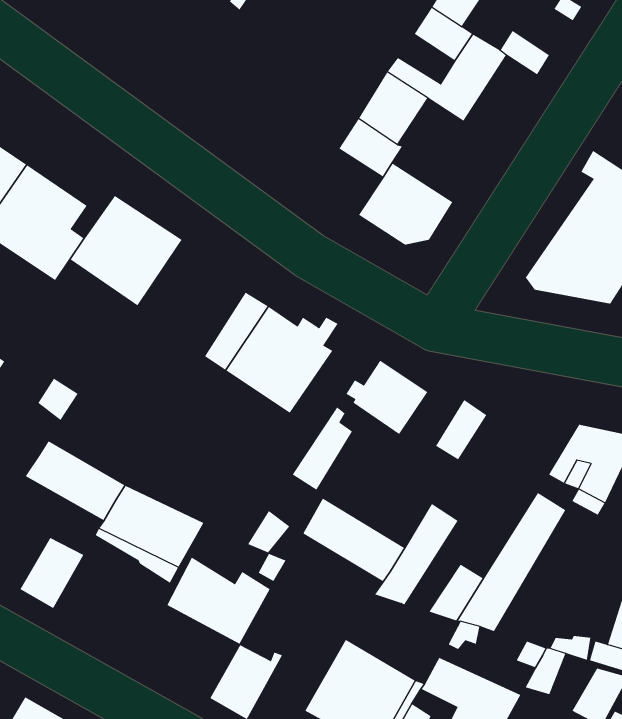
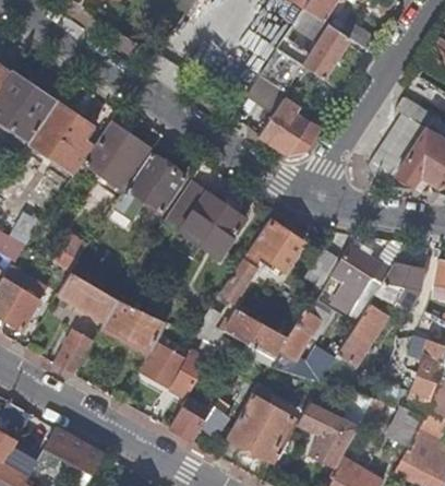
building: none -> [115,153,189,220]
building: none -> [333,239,407,311]

